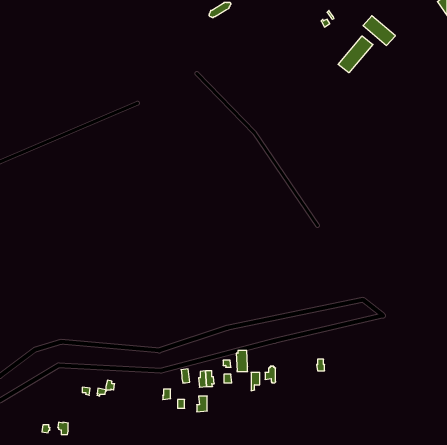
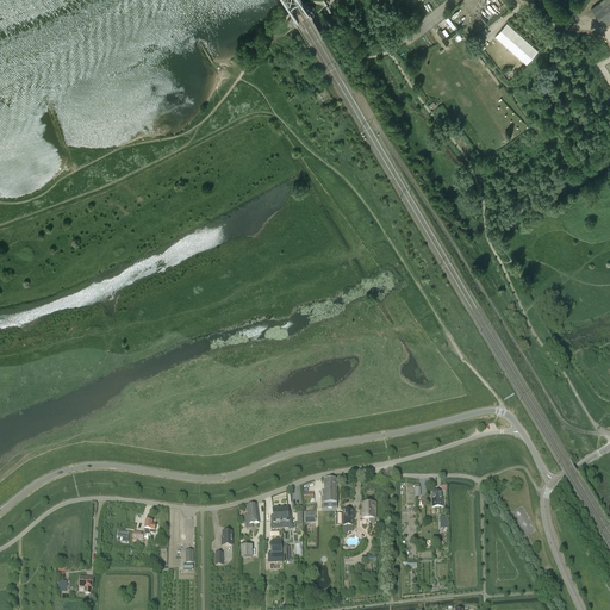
building: [338,36,373,73] -> none

